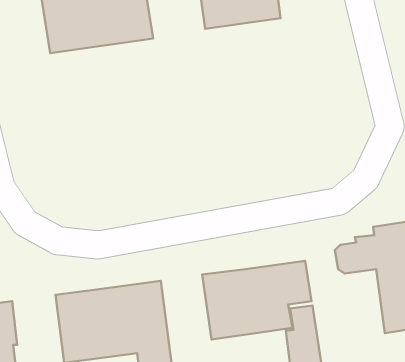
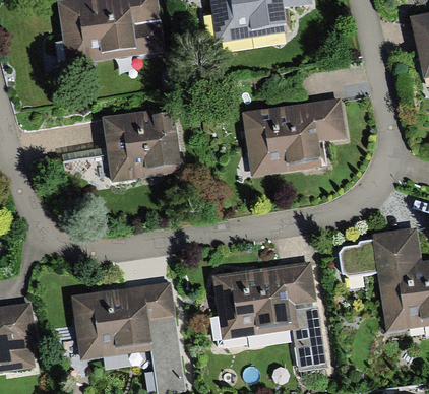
building: none -> [242,98,347,176]
building: none -> [102,112,181,181]

